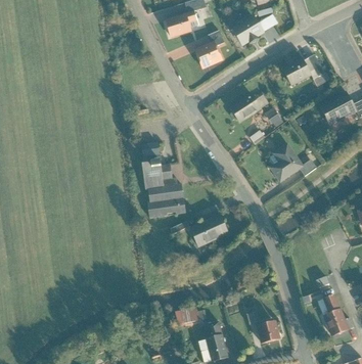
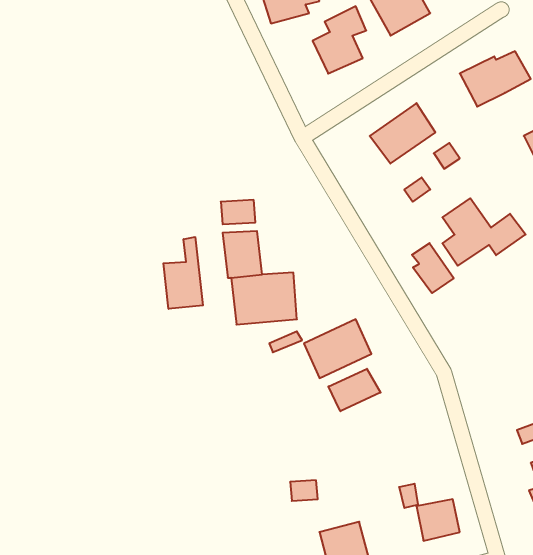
building: none -> [163,237,203,309]
building: none -> [412,243,454,293]
building: none -> [328,369,381,411]

